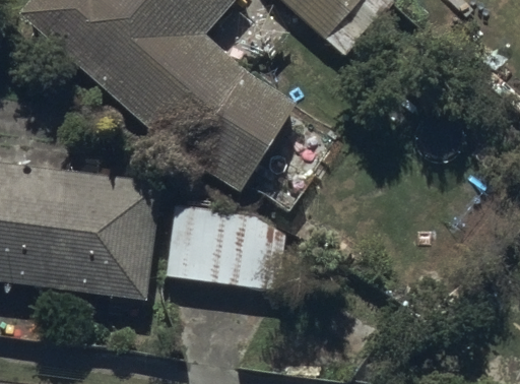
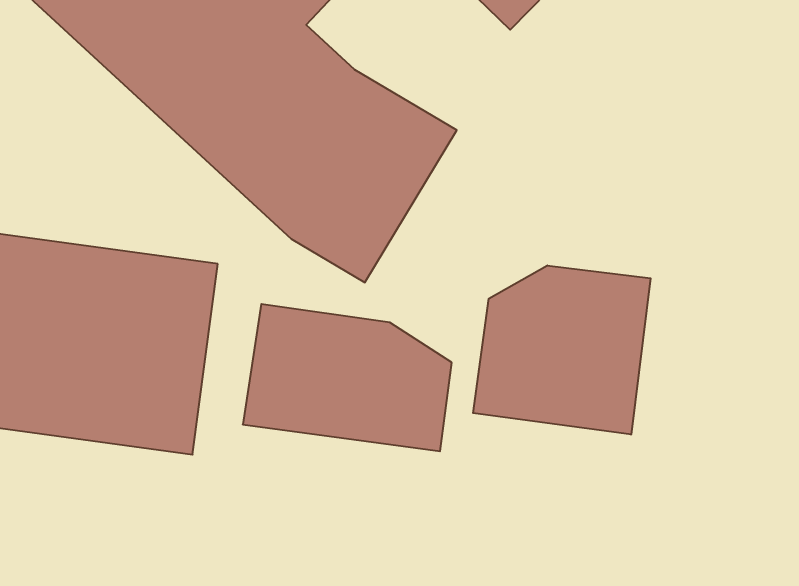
building: none -> [473,265,651,435]

